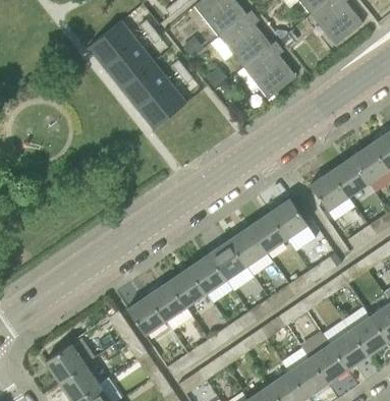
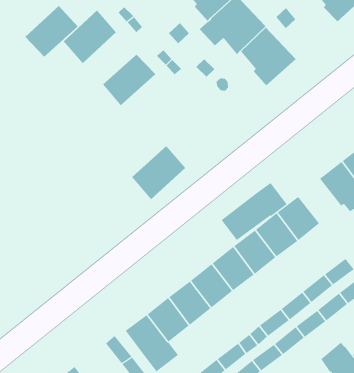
building: [106,42,155,88] -> [25,5,79,57]
building: [137,81,187,129] -> [131,145,186,200]
building: none -> [221,182,287,241]

